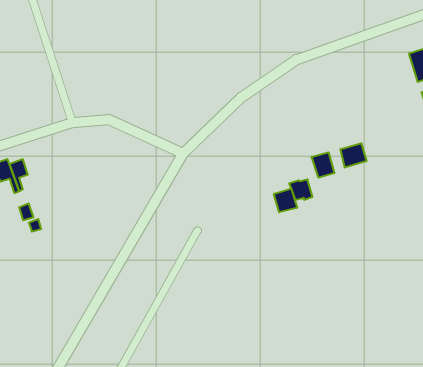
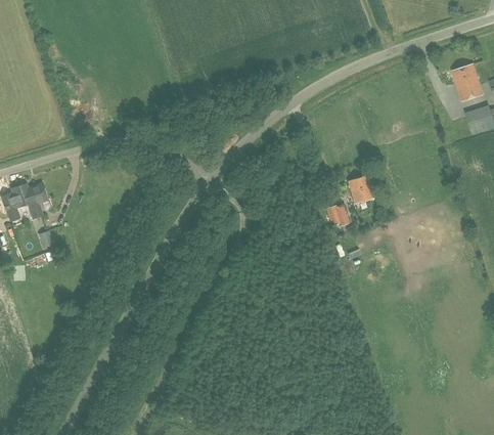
building: [341,143,366,168] -> none
building: [274,189,297,212] -> none

